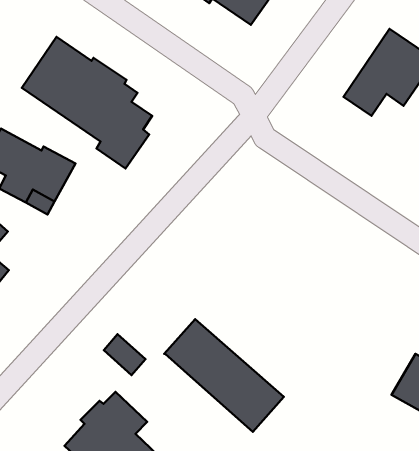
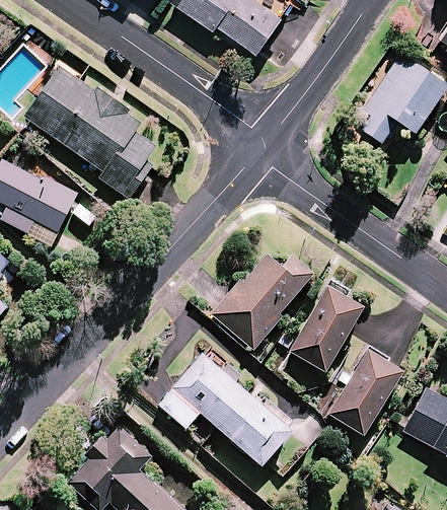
building: none -> [210,253,311,349]
building: none -> [288,286,361,372]
building: none -> [325,350,401,436]
building: [104,334,146,375] -> [156,387,199,429]

